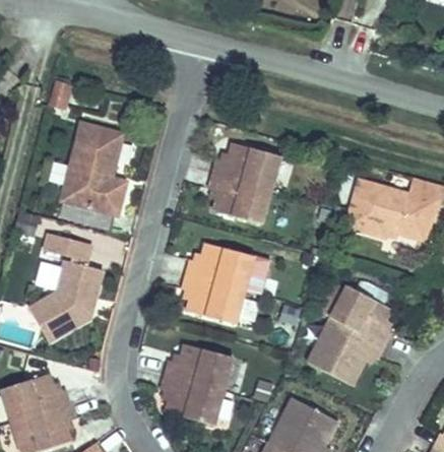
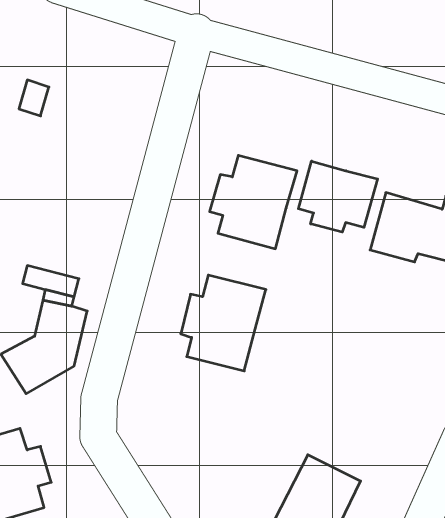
building: [54,127,121,216] -> none
building: none -> [298,161,378,232]
building: [307,284,391,381] -> none
building: [162,345,237,427] -> none

